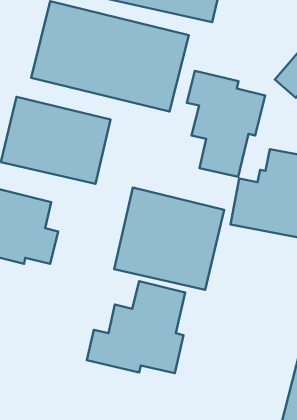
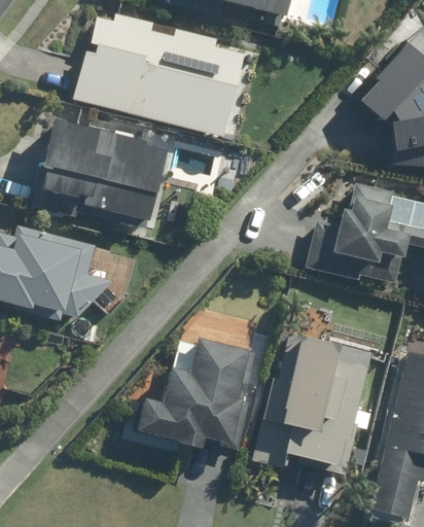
building: [187,71,265,177] -> none
building: [114,188,224,290] -> none
building: none -> [255,333,370,477]

